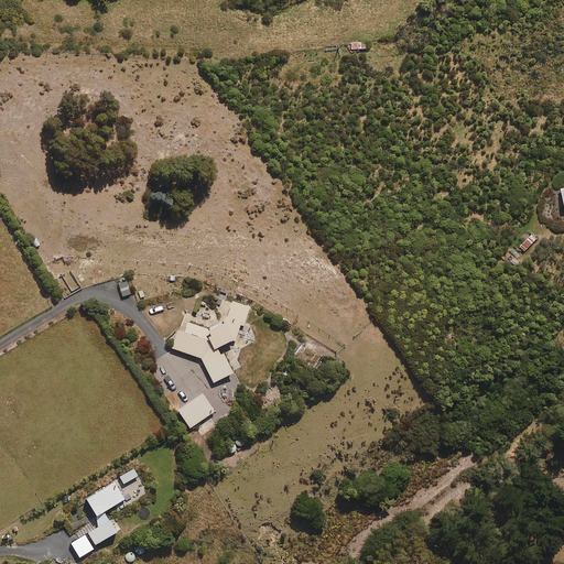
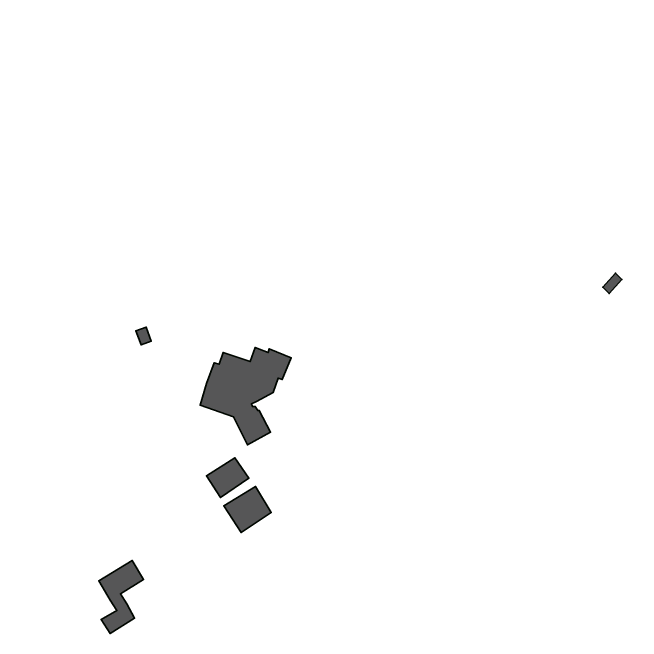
building: none -> [224,487,271,533]

